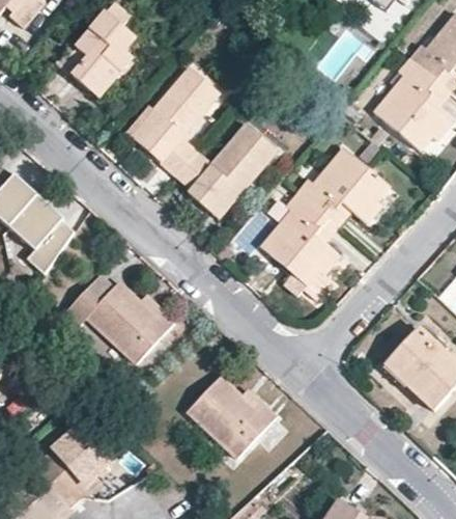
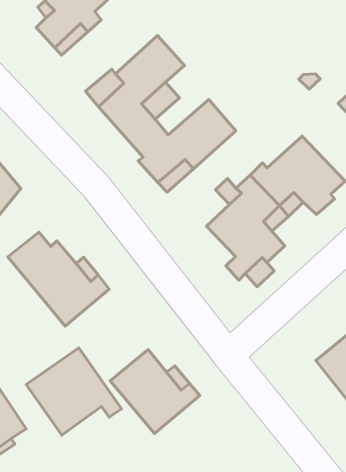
building: none -> [26,348,121,435]

